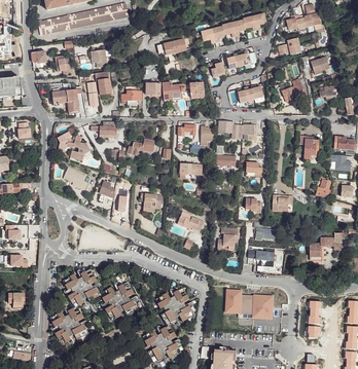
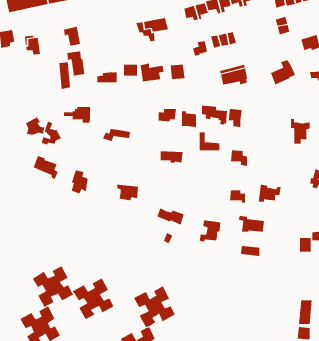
building: [51,89,78,112] -> none
building: [224,288,242,313] -> none
building: [251,294,274,319] -> none

